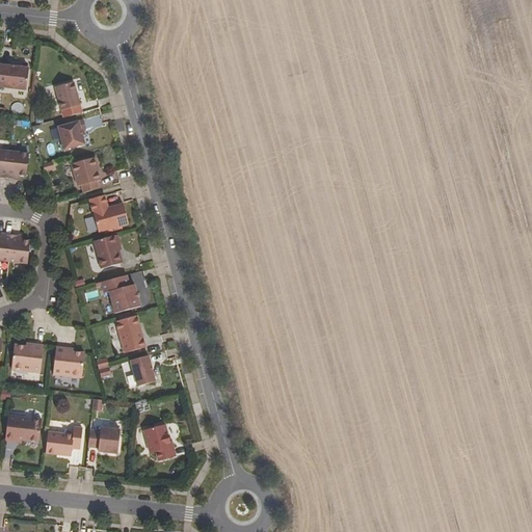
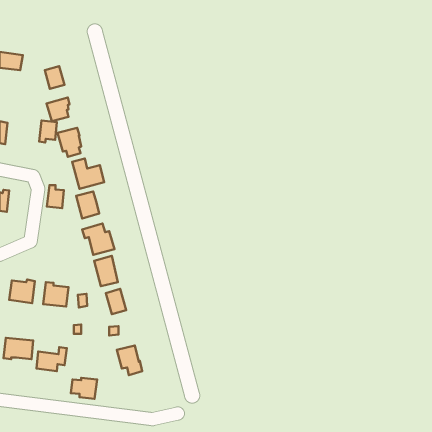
building: [6,151,28,178] -> [39,120,57,142]
building: [8,234,29,262] -> [47,185,64,208]
building: [87,427,119,453] -> [71,378,97,399]

